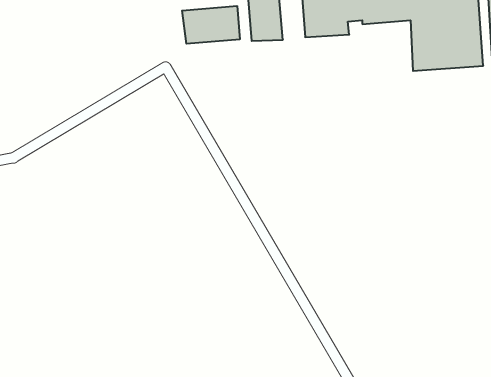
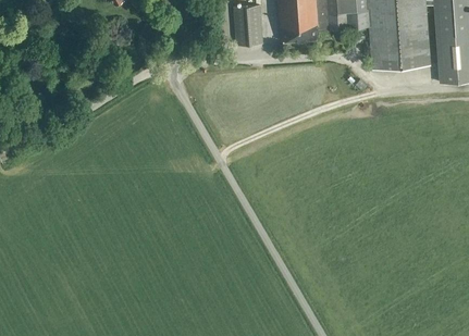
building: [182,6,240,44] -> none

